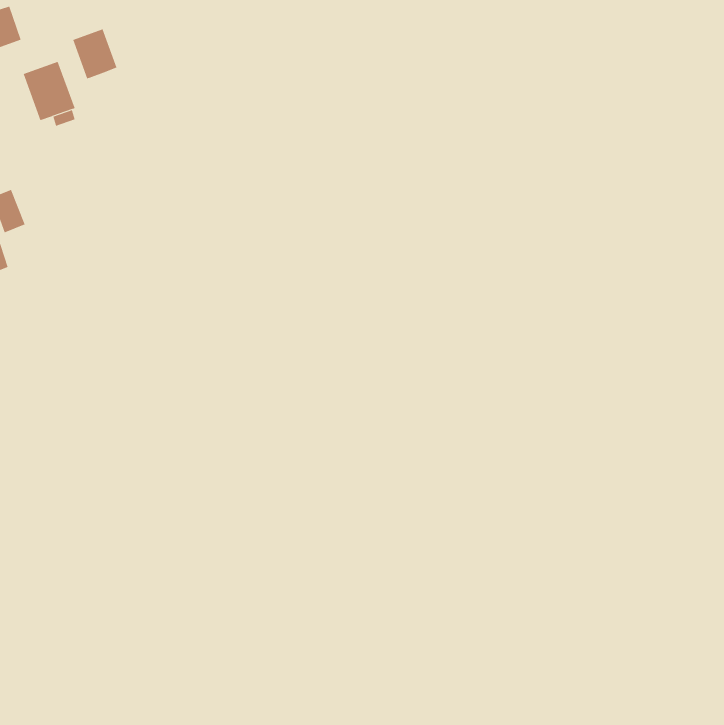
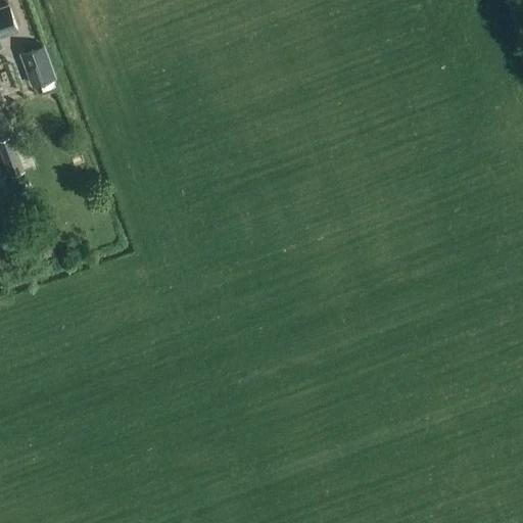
building: [73,28,117,79] -> none

